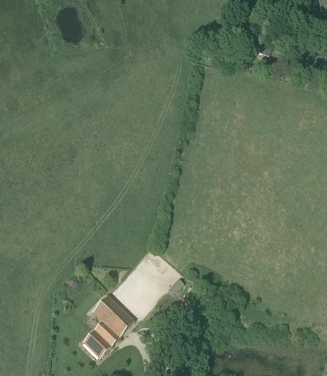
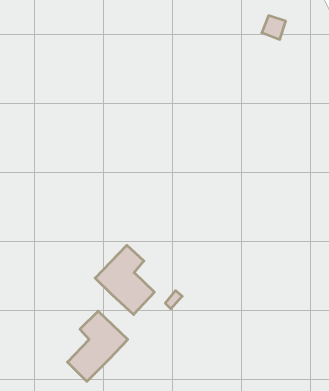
building: none -> [95,245,154,315]

